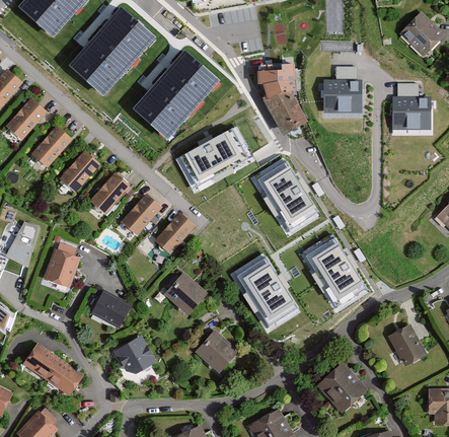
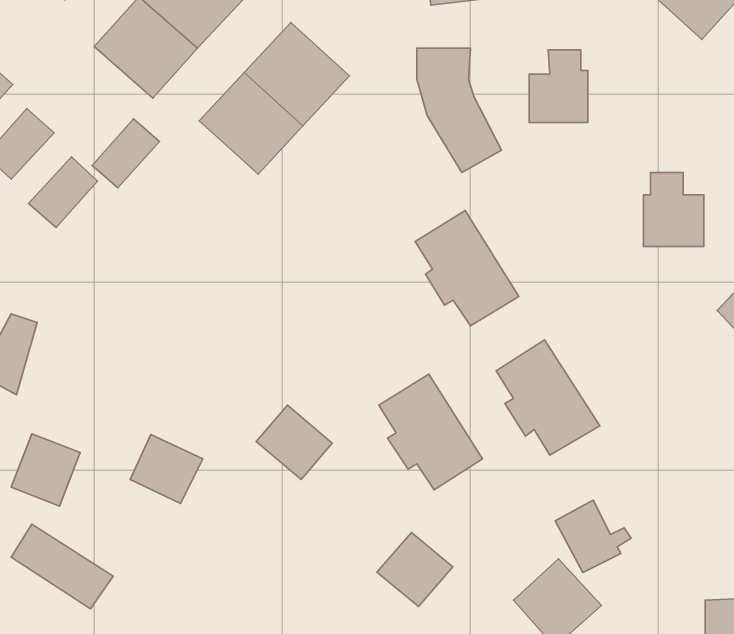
building: [393,80,429,124] -> [644,172,704,247]
building: [179,125,247,184] -> none
building: [60,152,99,193] -> [92,119,159,188]
building: [89,174,130,216] -> none
building: [121,195,161,236] -> none
building: [155,211,193,250] -> none
building: [43,247,83,290] -> [11,434,80,506]
building: [387,322,432,365] -> [555,500,631,573]
building: [197,326,241,370] -> [377,532,453,607]
building: [113,330,158,372] -> none

